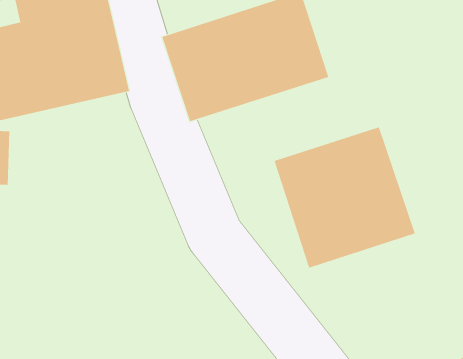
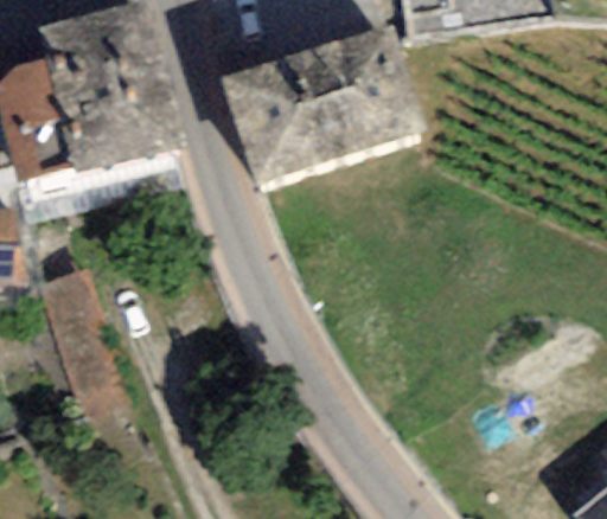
building: [274,126,415,268] -> none

